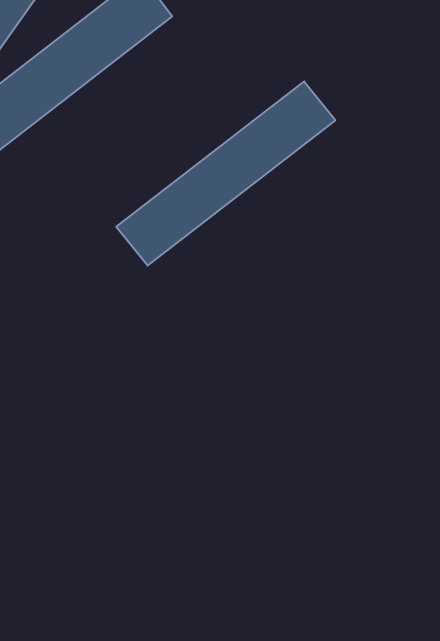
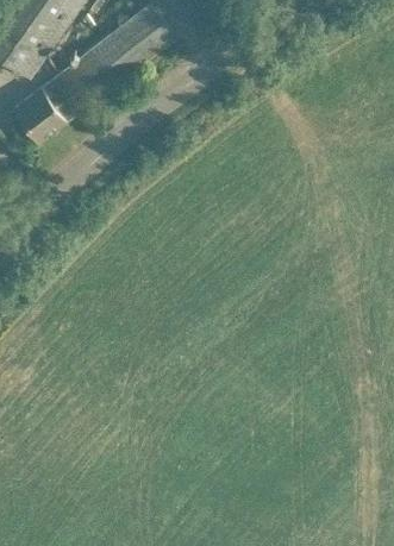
building: [116,81,335,266] -> none

